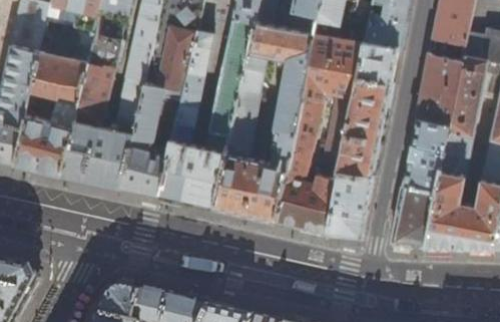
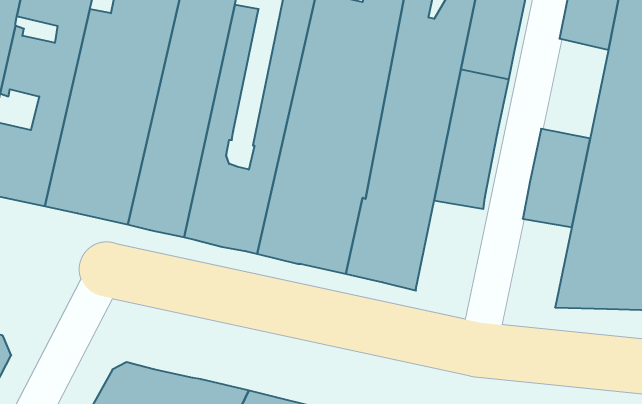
building: [415,54,463,125] -> none
building: [326,170,374,237] -> none
building: [390,183,437,246] -> none

